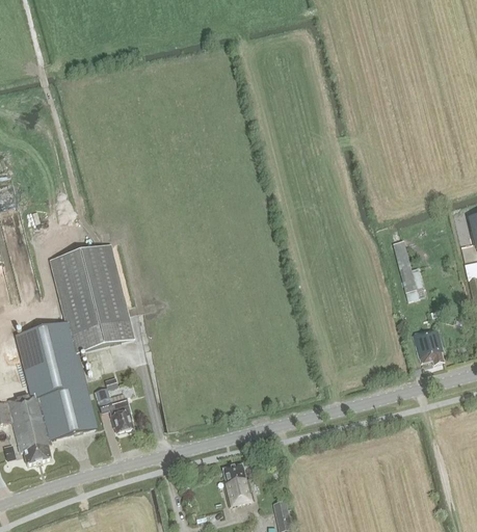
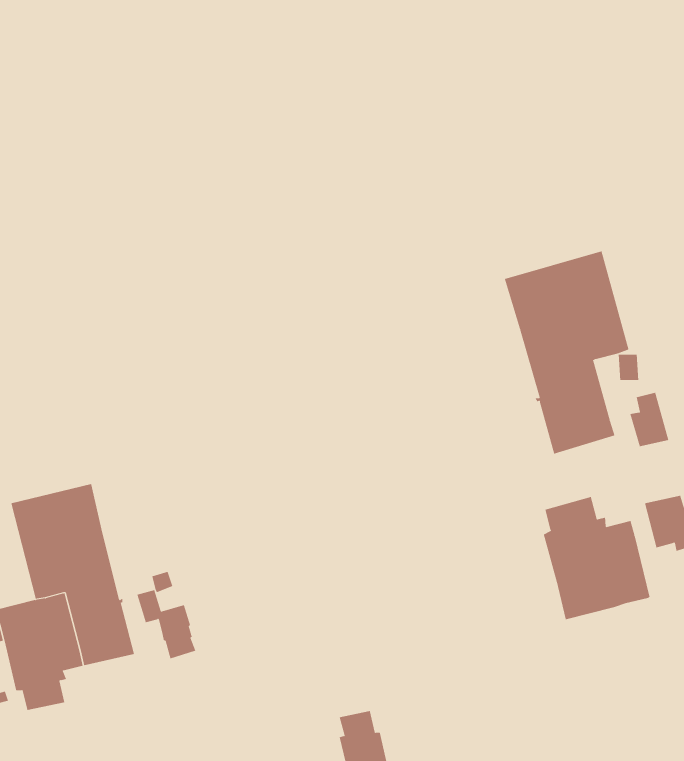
building: none -> [504,250,629,455]
building: [51,244,132,351] -> none
building: none -> [543,496,650,620]

